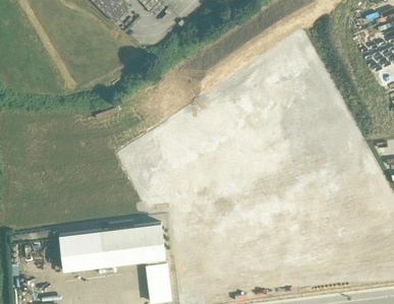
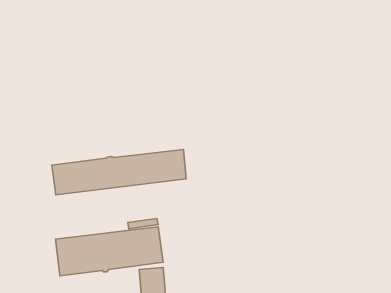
building: none -> [52,150,186,195]

